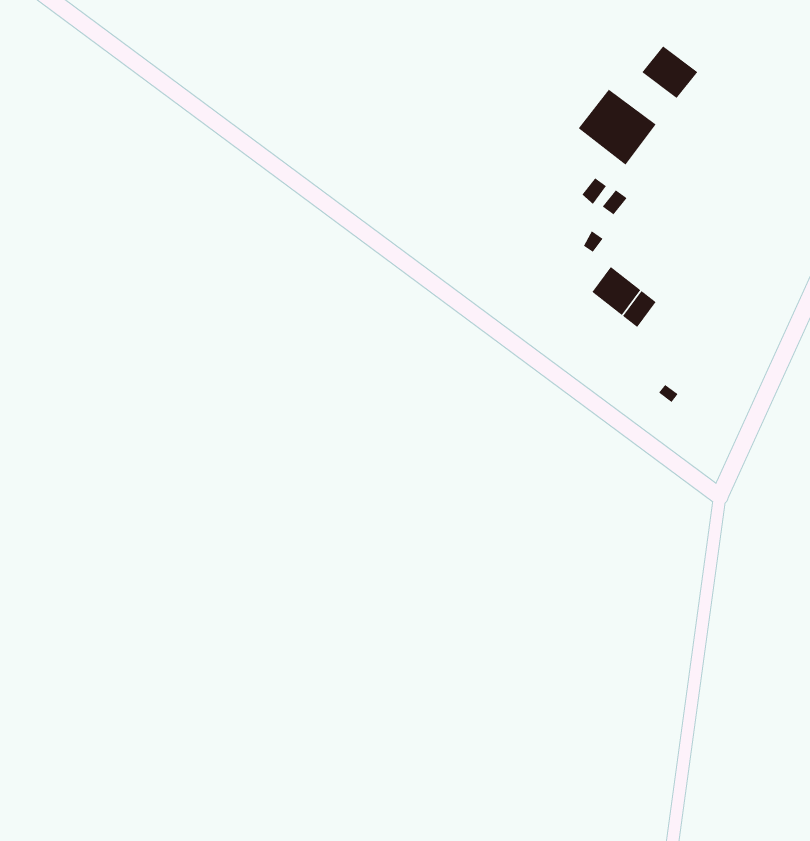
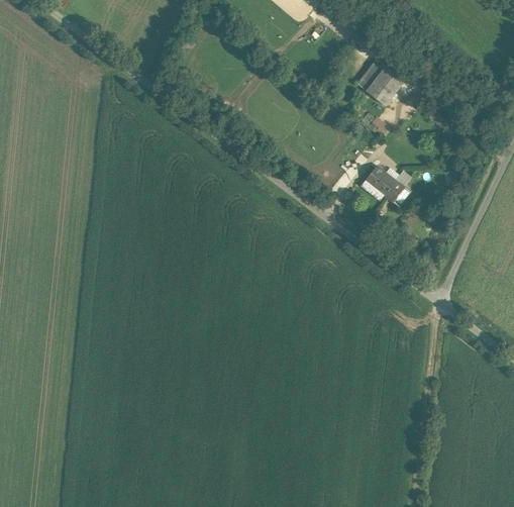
building: [642,46,698,99] -> none

